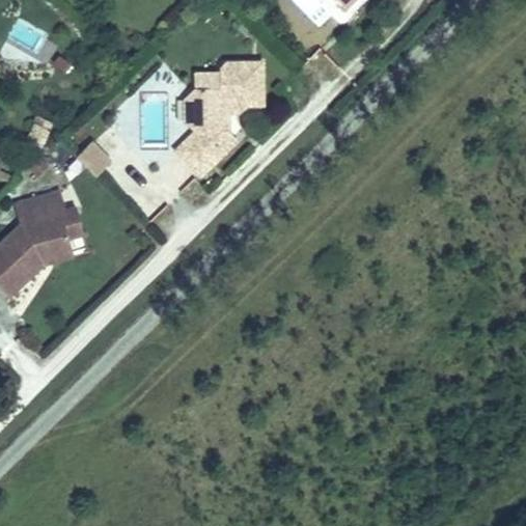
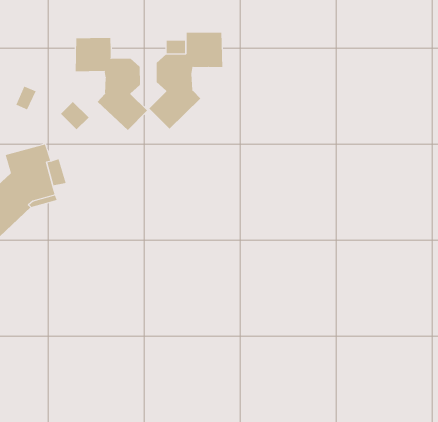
building: none -> [75,37,148,131]

